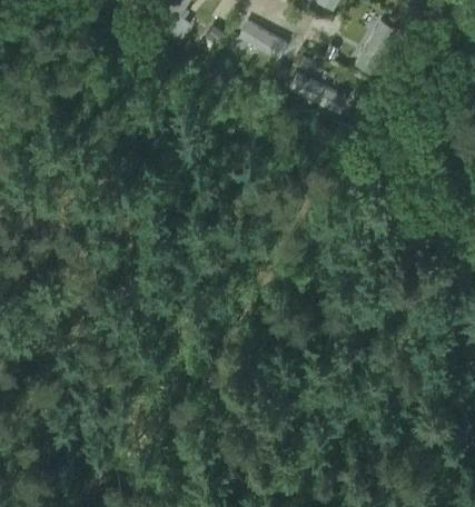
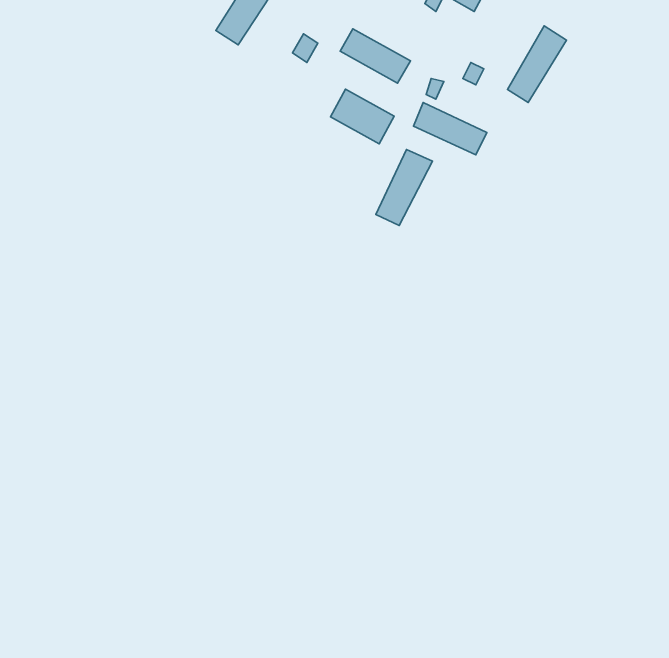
building: none -> [330,89,394,144]
building: none -> [376,149,432,226]

